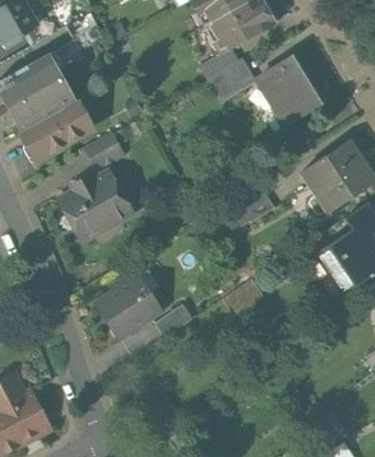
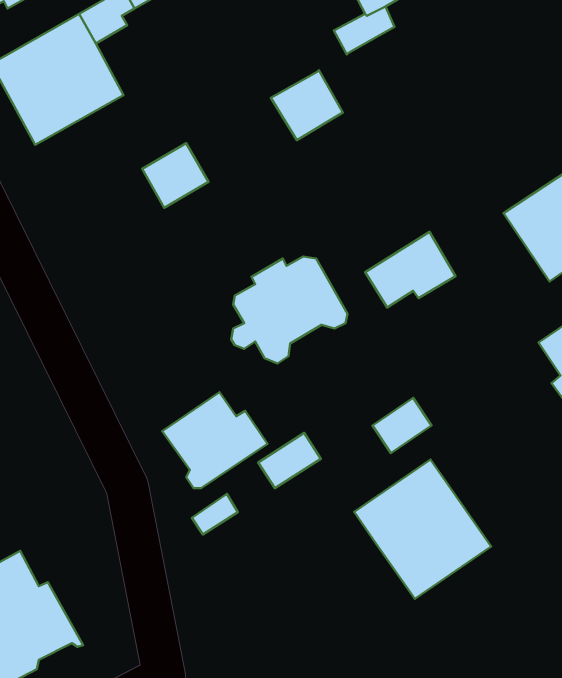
building: [264,54,324,124] -> none
building: [209,59,252,101] -> [271,70,343,140]
building: [22,100,91,158] -> none
building: [62,174,131,237] -> [231,257,347,364]
building: none -> [354,460,491,599]

